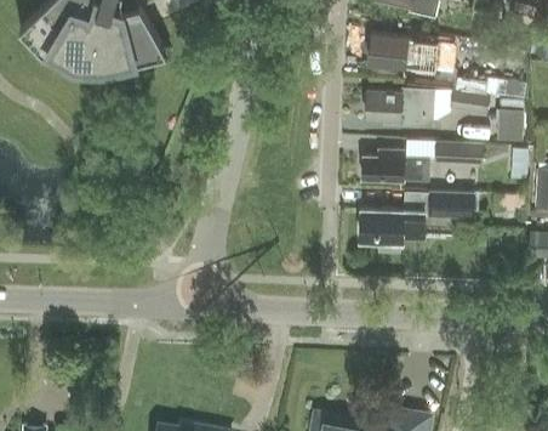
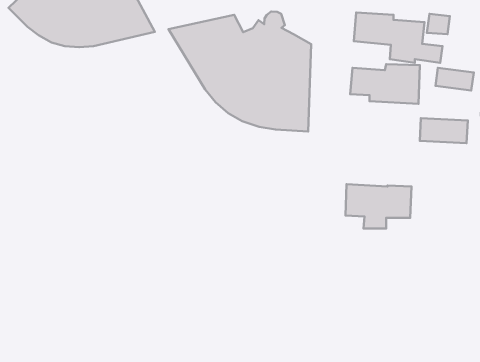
building: none -> [169,11,311,131]
building: [361,149,429,181] -> none
building: [427,191,475,219] -> none

